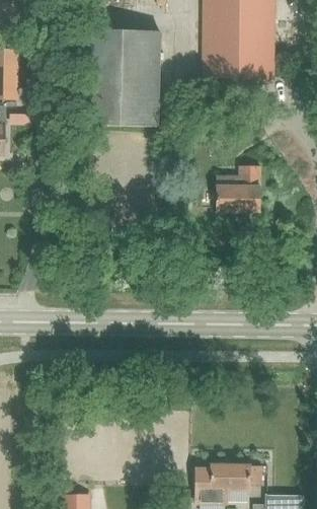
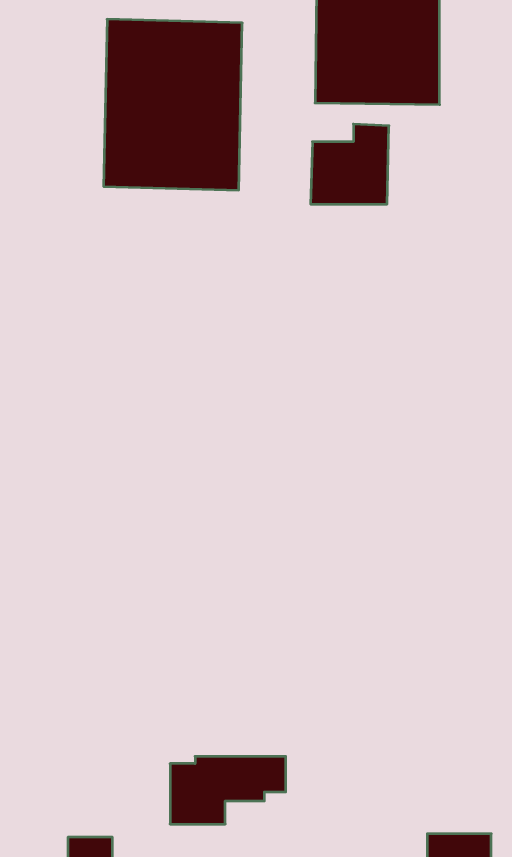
building: [217,165,261,211] -> [311,124,389,204]
building: [196,464,262,503] -> [170,756,286,824]

